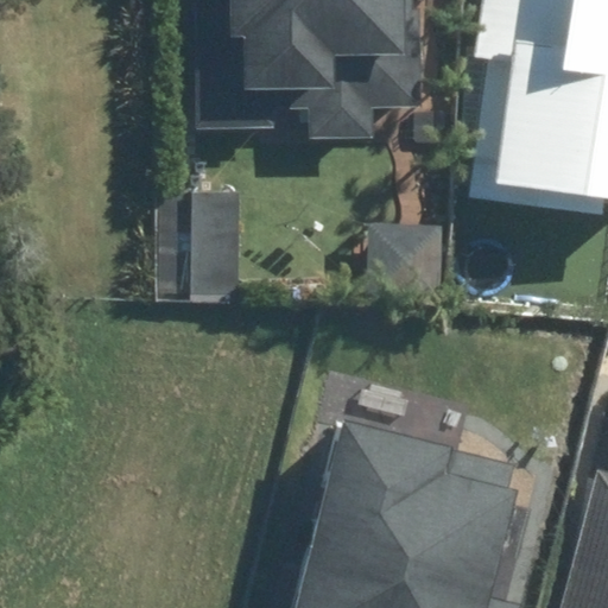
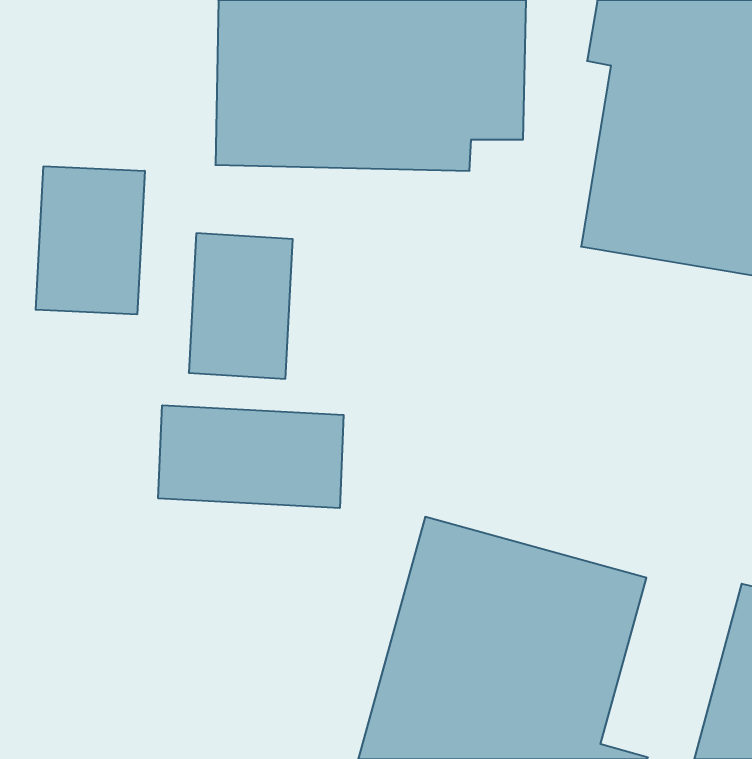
building: none -> [36,166,145,314]
building: none -> [158,405,344,508]

